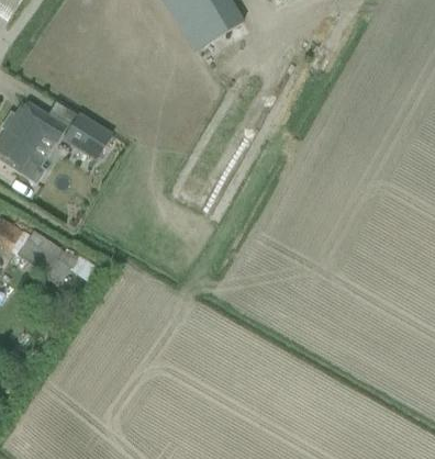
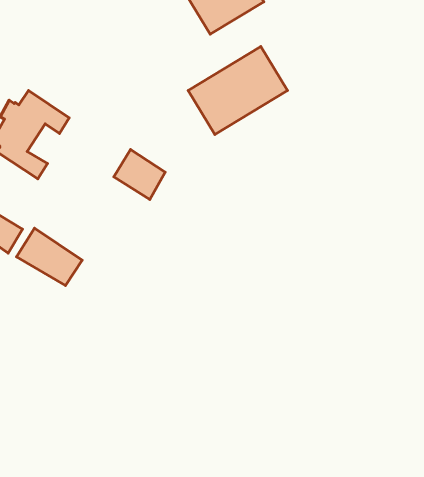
building: none -> [188,47,288,134]
building: [63,113,110,159] -> [114,149,165,200]

